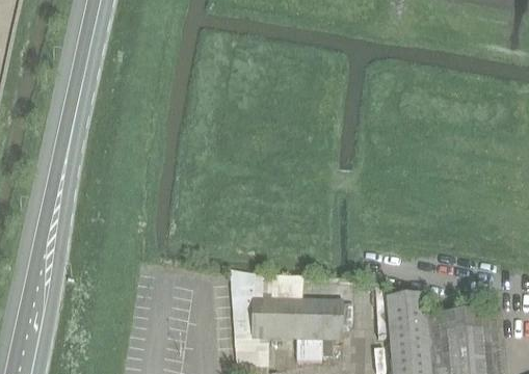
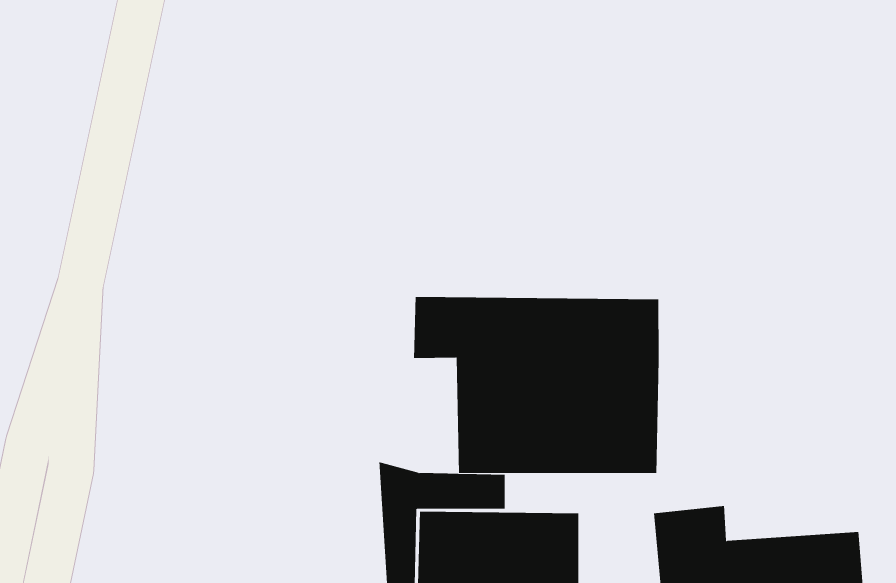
building: none -> [413,296,659,474]

